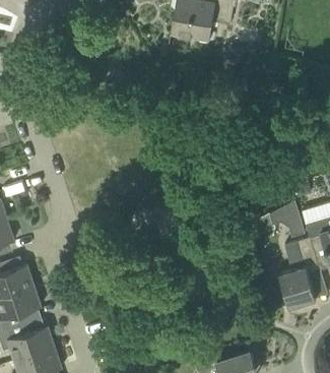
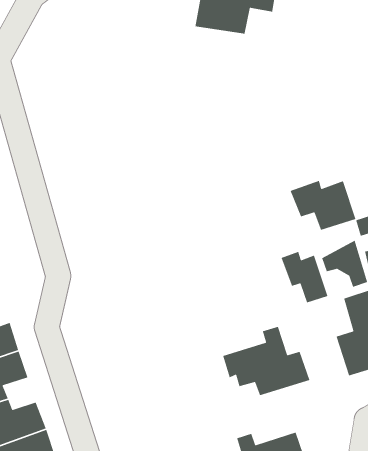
building: none -> [289,180,356,231]
building: none -> [281,251,328,303]
building: none -> [222,326,311,396]

